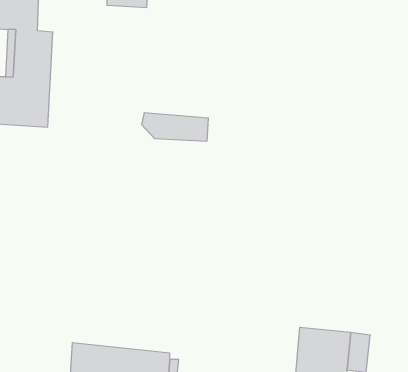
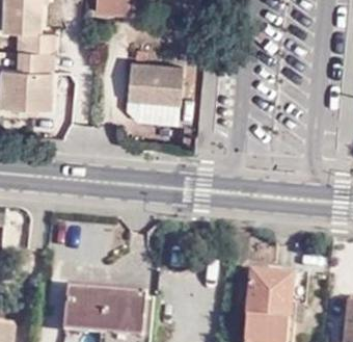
building: none -> [127,60,182,101]

